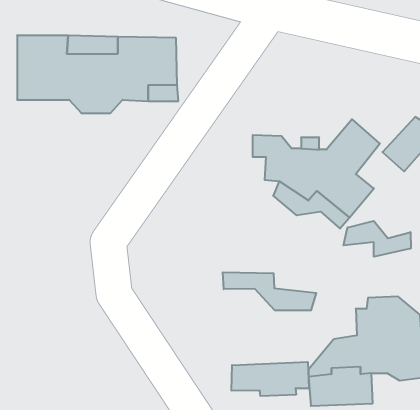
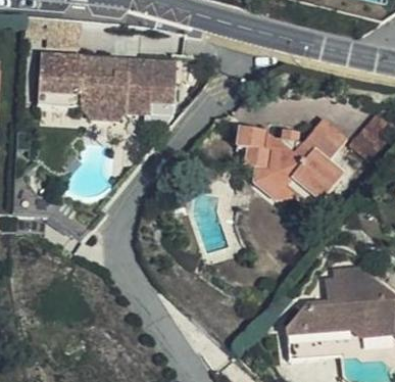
building: [343,221,411,257] -> none
building: [223,272,316,310] -> none
building: [232,362,309,396] -> none

